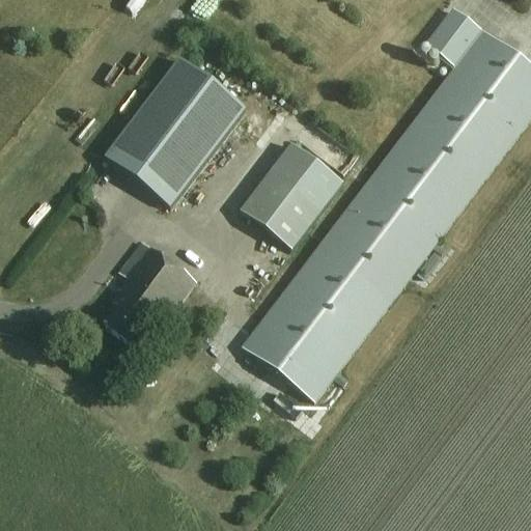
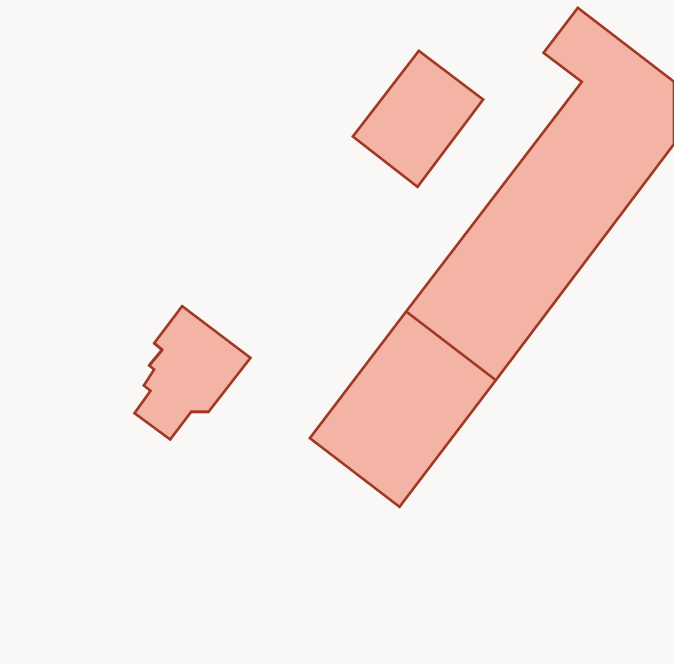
building: [105,56,246,205] -> none
building: [241,141,343,248] -> [353,51,483,187]

